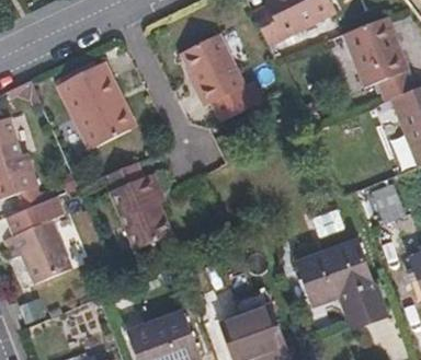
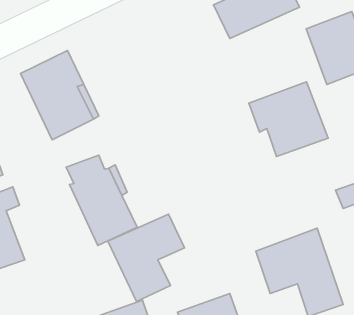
building: [182,31,246,104] -> none
building: none -> [249,82,328,157]
building: none -> [108,214,185,302]

